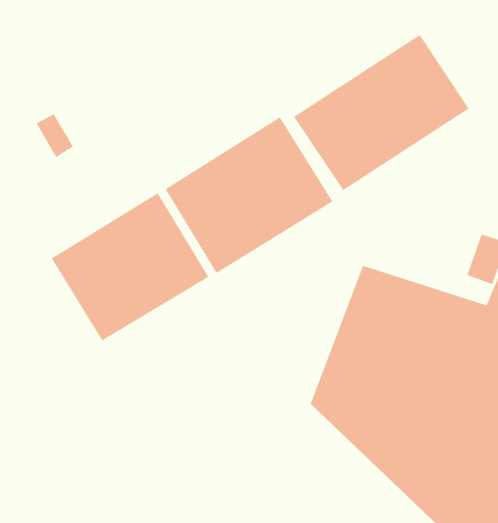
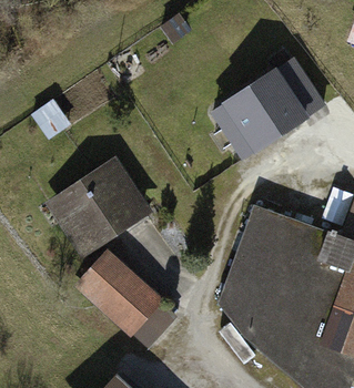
building: [165,116,333,274] -> none
building: none -> [74,251,181,350]

